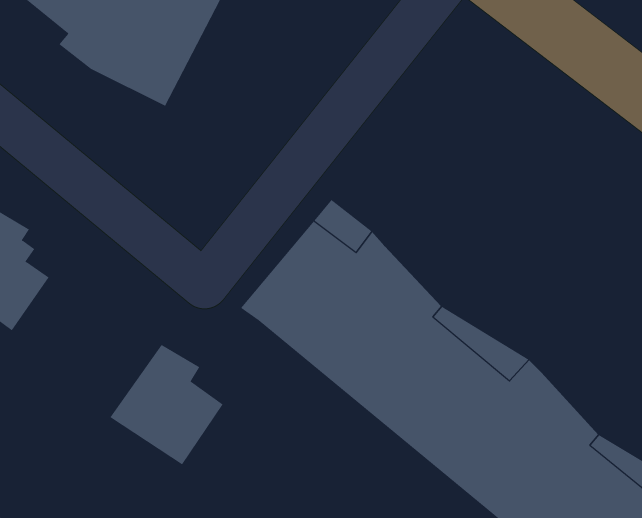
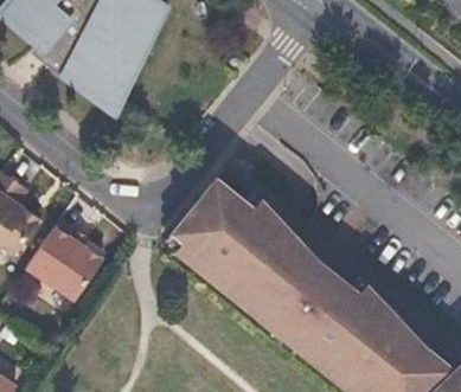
building: [109,344,223,465] -> [25,223,101,303]

